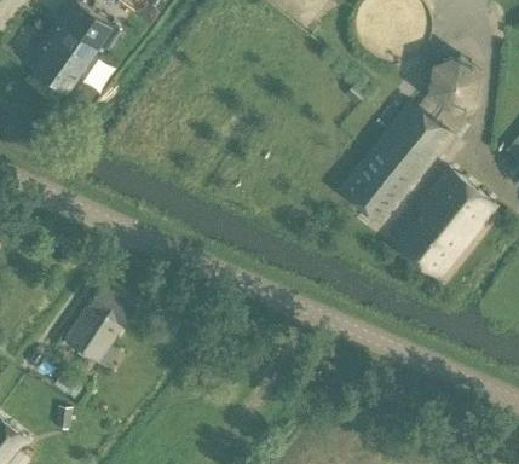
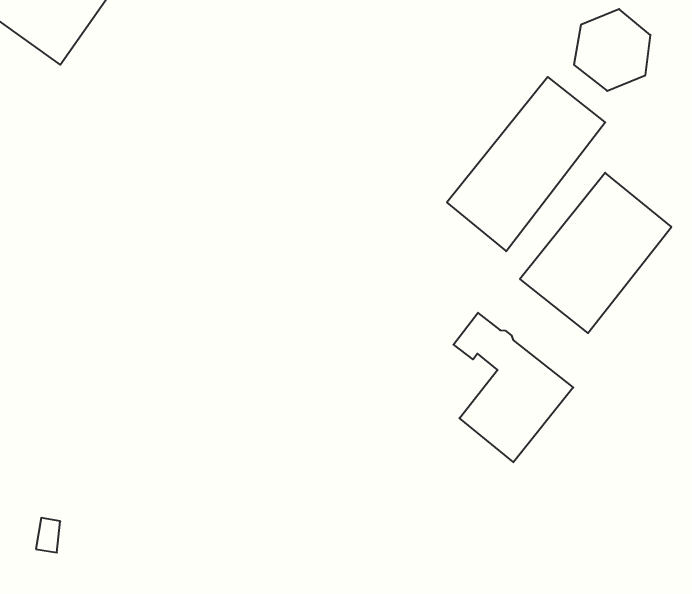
building: none -> [453,313,573,462]
building: [64,286,135,364] -> none

